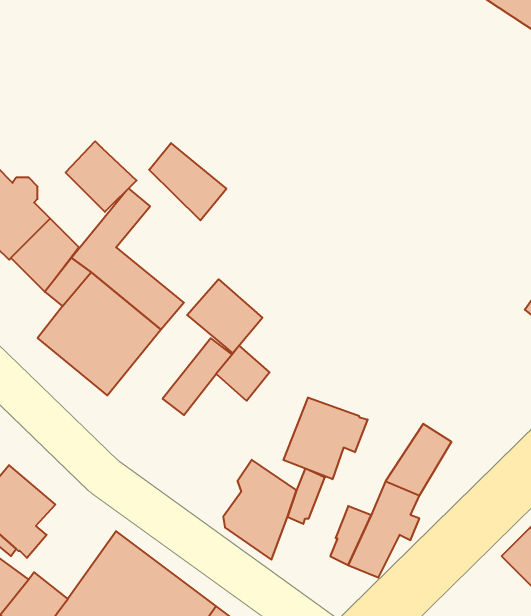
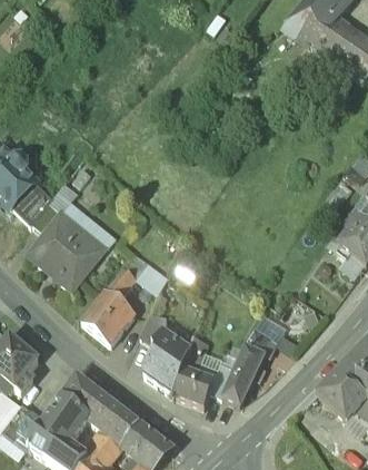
building: [66,141,137,212] -> none
building: [149,143,226,220] -> none
building: [187,279,262,353] -> none
building: none -> [82,291,135,343]
building: [283,397,368,479] -> none
building: none -> [173,365,215,405]

